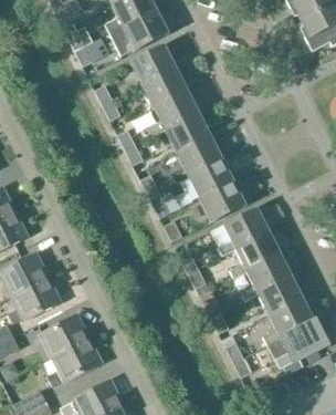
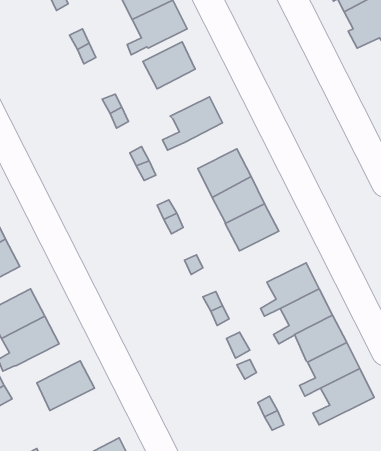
building: [143,68,187,107] -> none
building: [166,113,210,152] -> none
building: [218,207,269,255] -> none
building: [48,338,102,385] -> none

